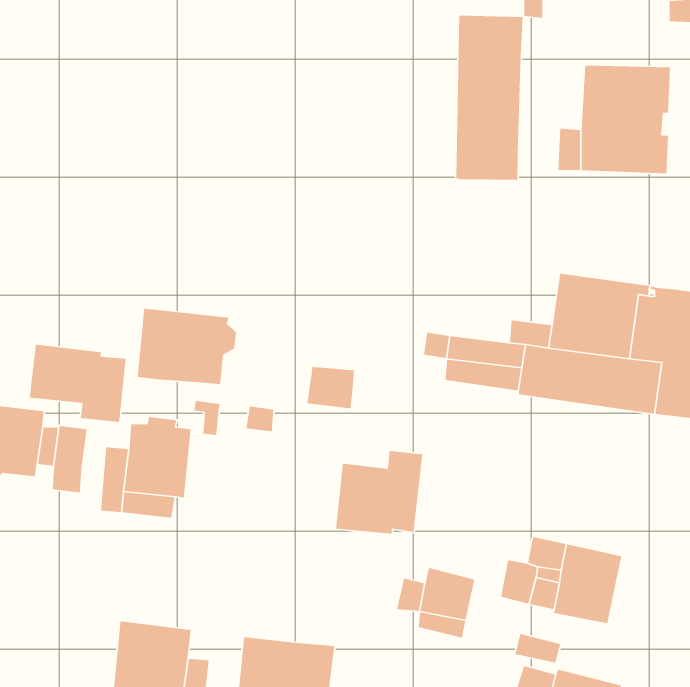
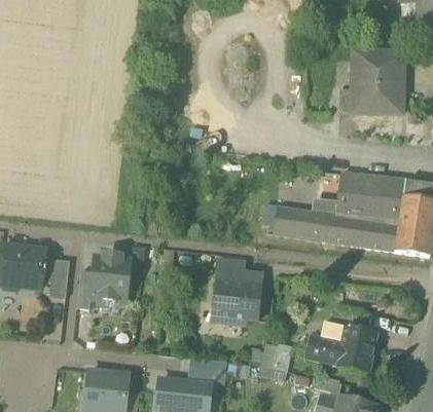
building: [455,15,524,180] -> none
building: [137,308,237,385] -> none
building: [29,344,127,423] -> none
building: [306,366,355,409] -> [216,258,244,283]
building: none -> [187,358,226,385]

